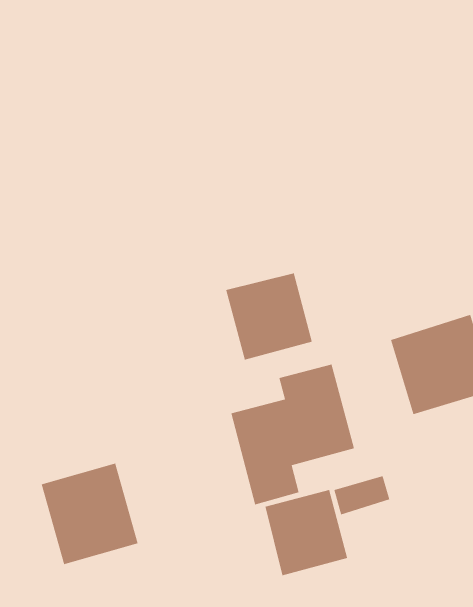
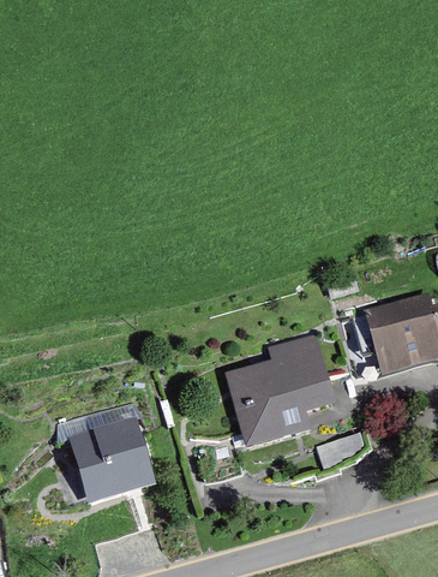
building: [226,273,312,360] -> none
building: [265,489,348,576] -> none

